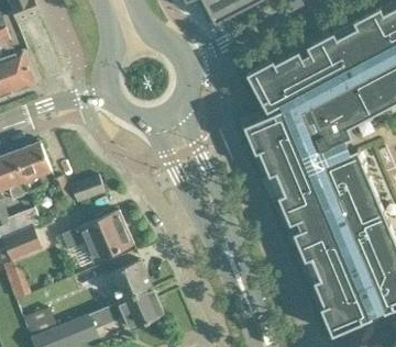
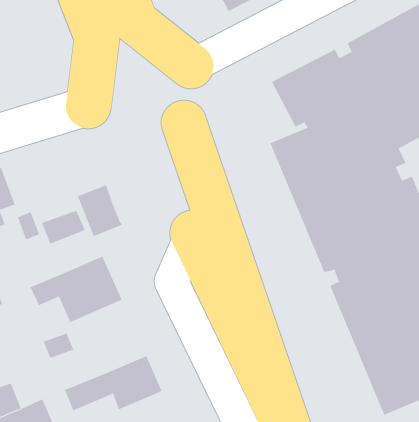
building: none -> [77,184,123,237]
building: [107,261,152,302] -> none

